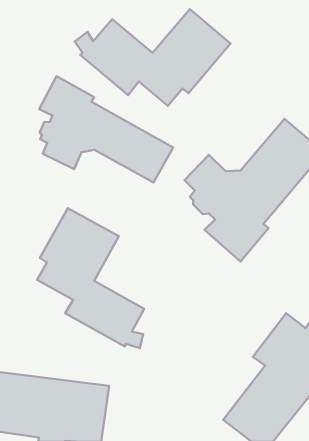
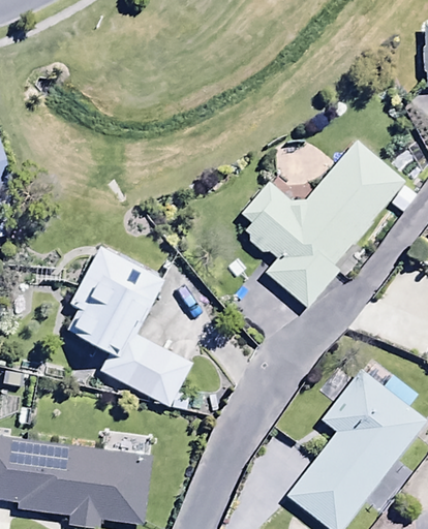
building: [75,9,230,106] -> none
building: [39,76,173,183] -> none

